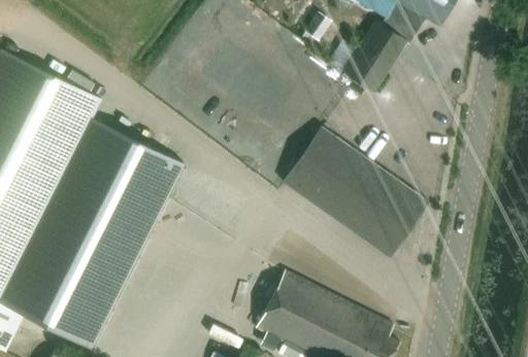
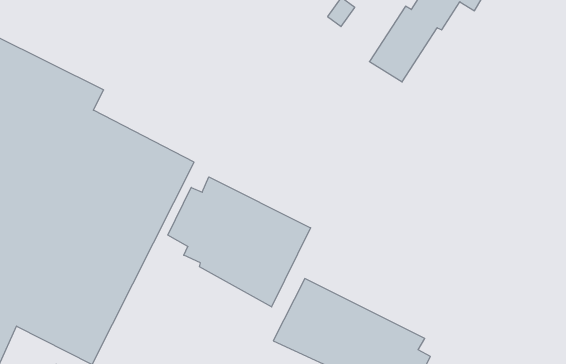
building: [283,127,428,257] -> none
building: none -> [168,177,311,307]

